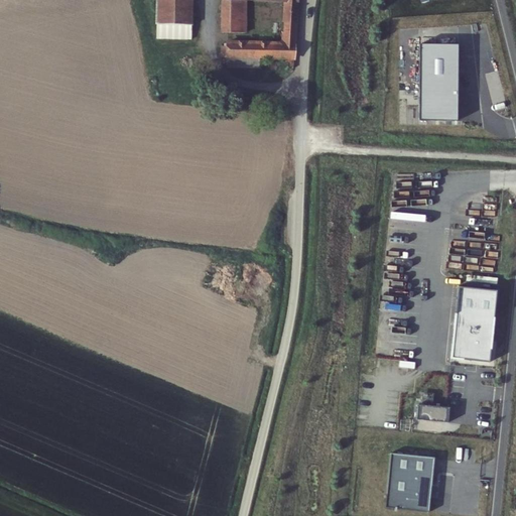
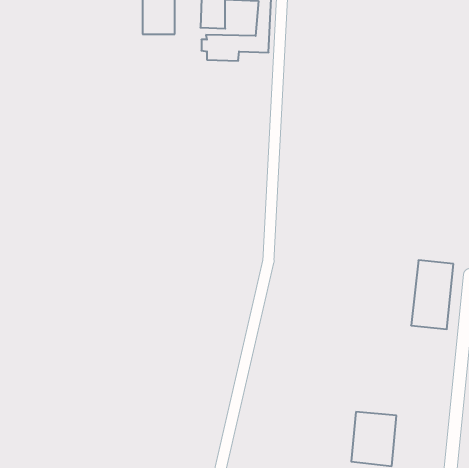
building: [419,42,459,120] -> none
building: [418,403,450,421] -> none

